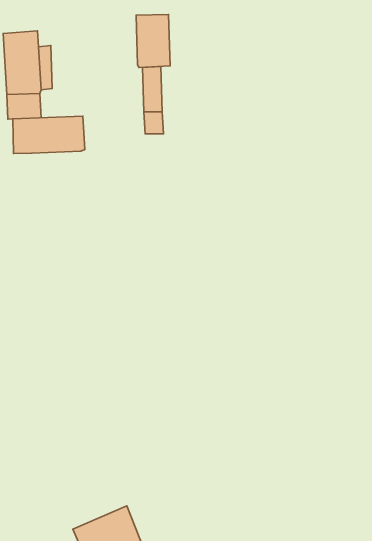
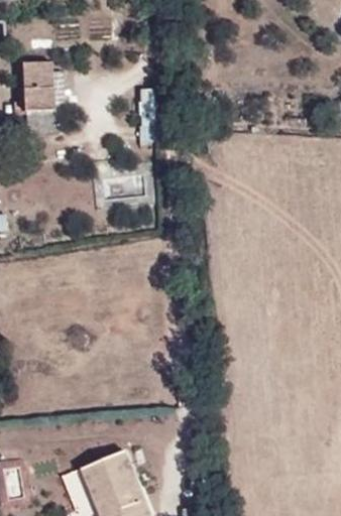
building: [136,15,170,67] -> none
building: [13,116,85,154] -> none

